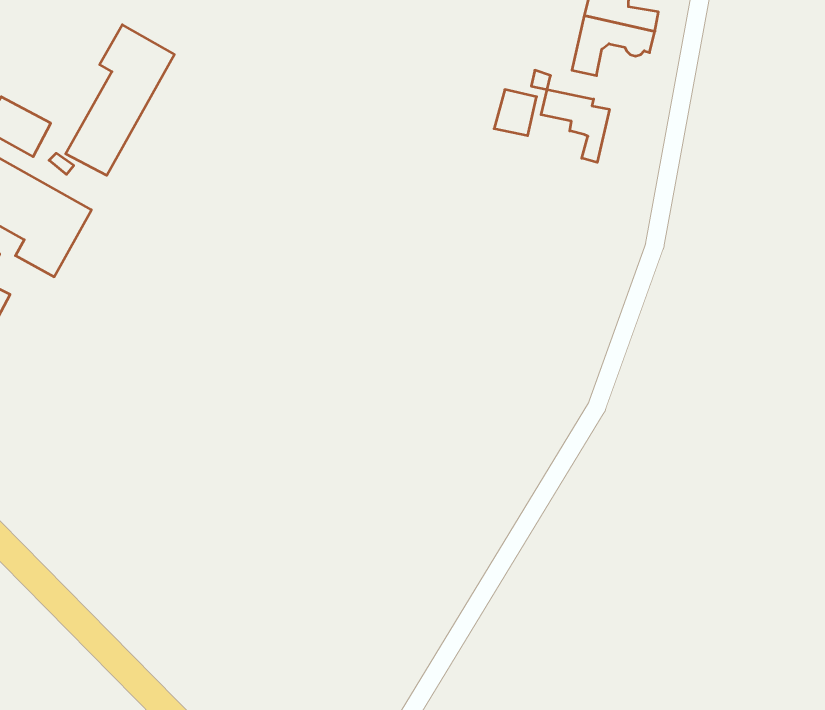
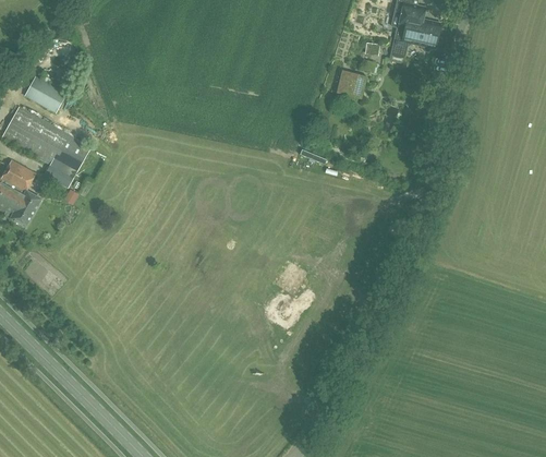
building: [66,25,174,175] -> none
building: [541,90,609,162] -> none

